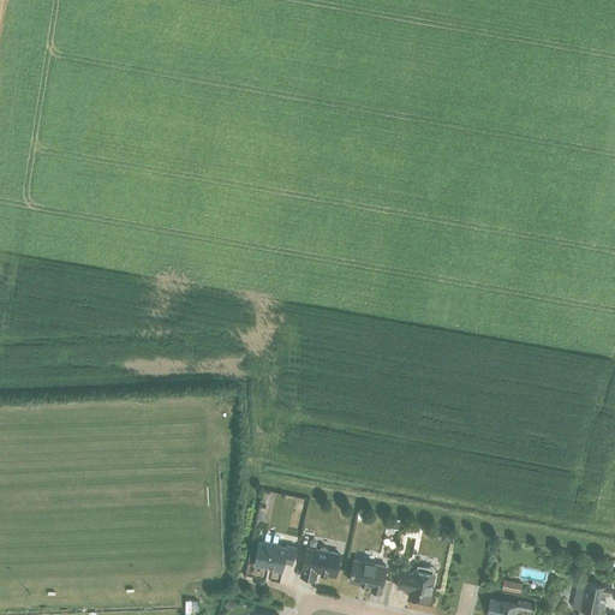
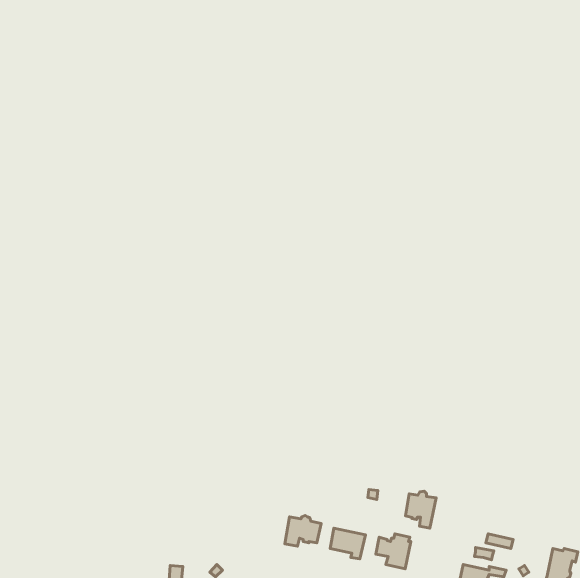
building: none -> [406,491,436,528]
building: [255,543,295,574] -> none

